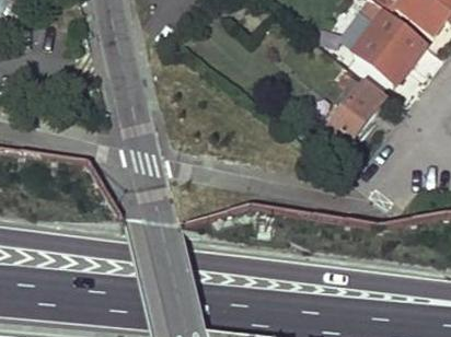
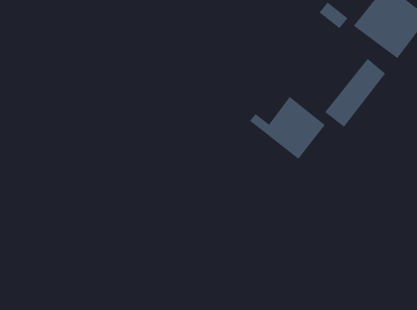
building: none -> [249,96,326,160]

